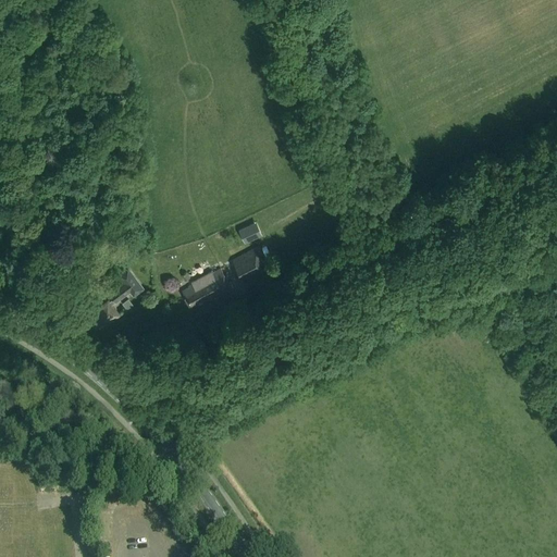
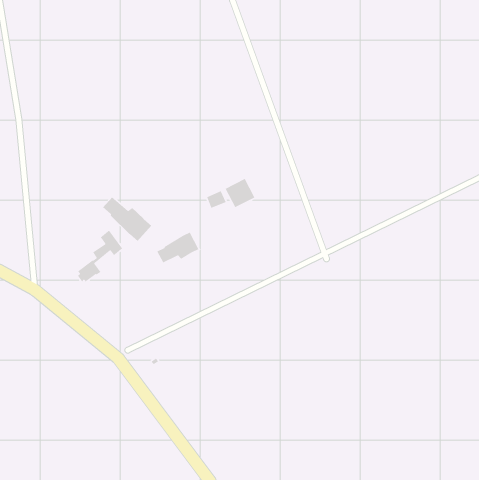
building: none -> [102,196,152,242]
building: [231,248,267,283] -> [225,178,256,208]

